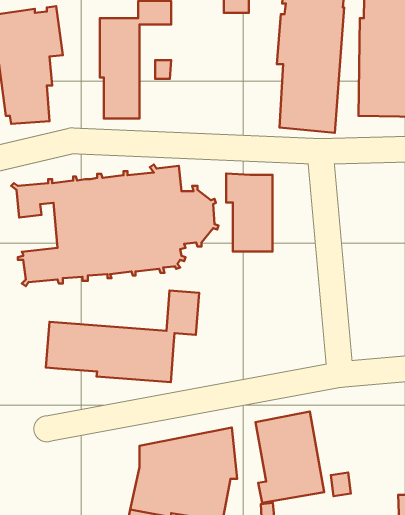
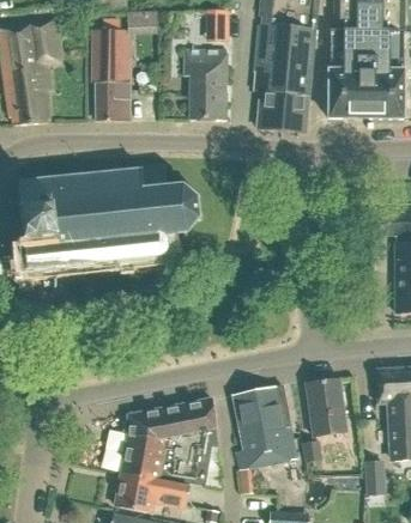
building: [226,173,273,251] -> [183,49,225,120]
building: none -> [19,195,54,239]
building: [46,290,199,382] -> none
building: none -> [306,377,345,436]

